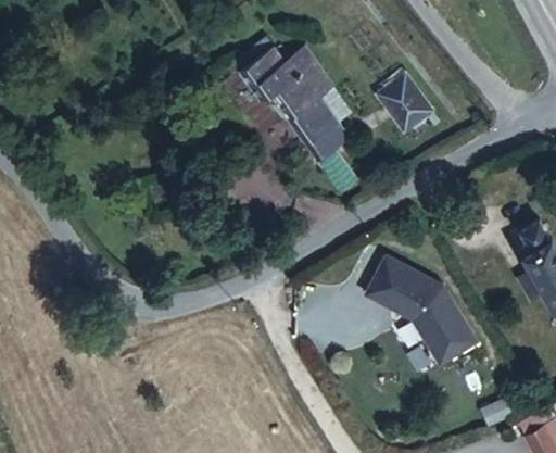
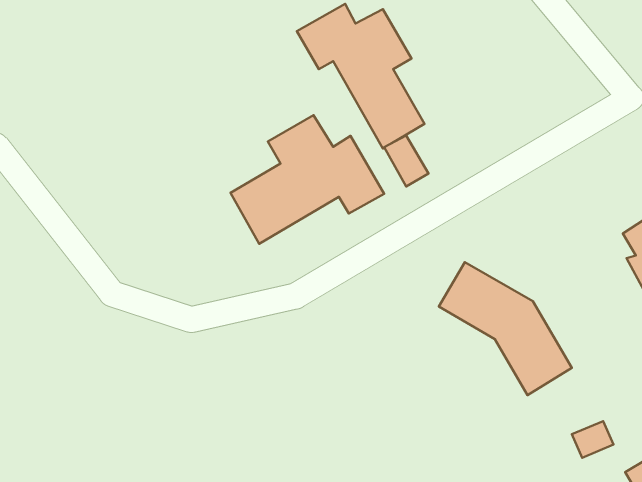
building: [372,67,431,130] -> none
building: none -> [231,115,384,244]

